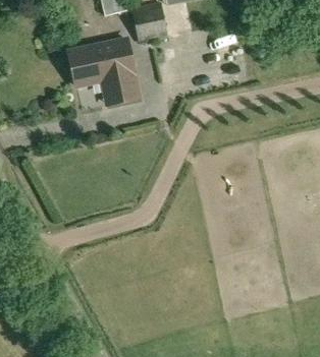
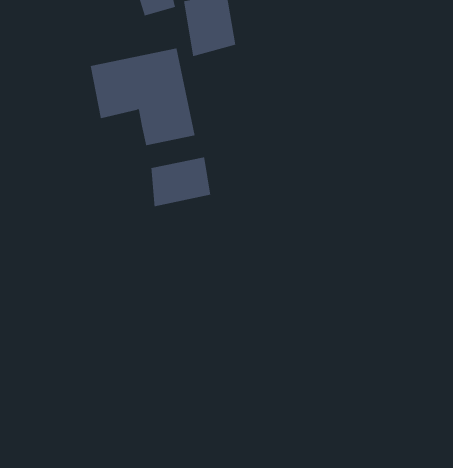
building: none -> [151,157,211,207]

